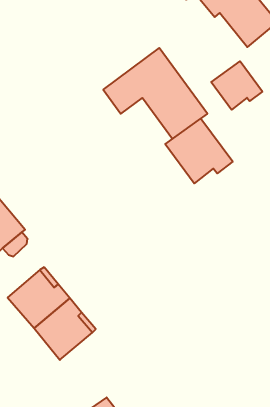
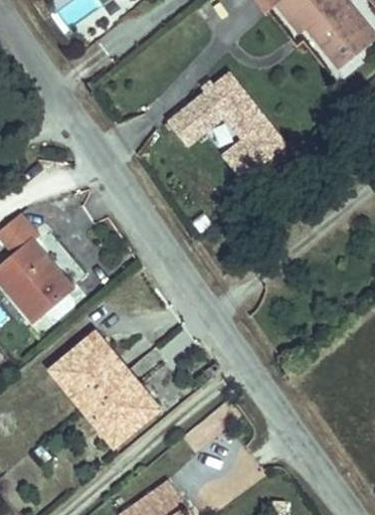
building: [211,61,262,110] -> none
building: [165,118,233,183] -> none

